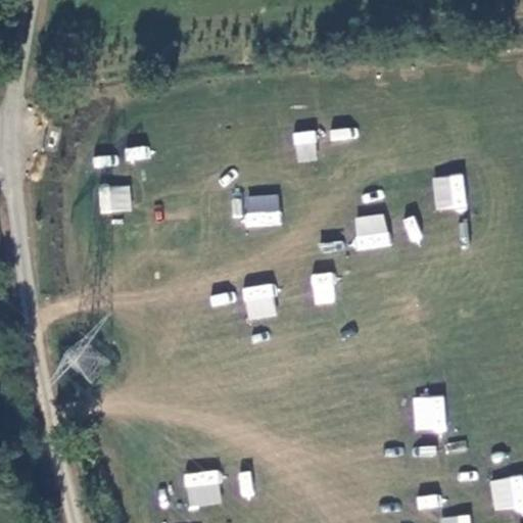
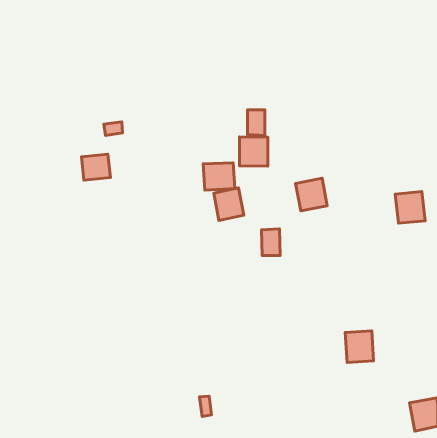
building: none -> [239,137,268,166]
building: [432,174,468,211] -> [395,192,425,223]
building: [242,282,278,321] -> [214,188,244,220]
building: [184,469,223,508] -> none

